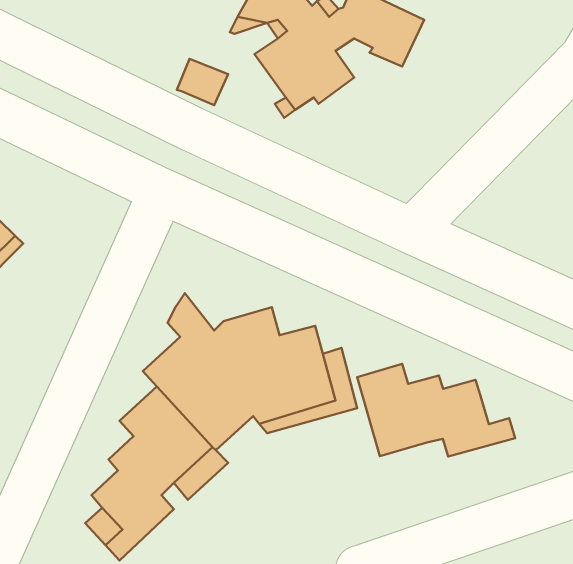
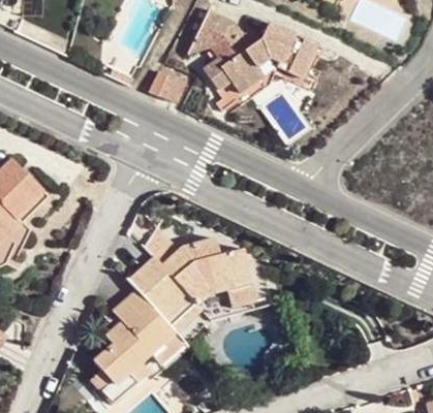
building: [357,364,515,457] -> none

